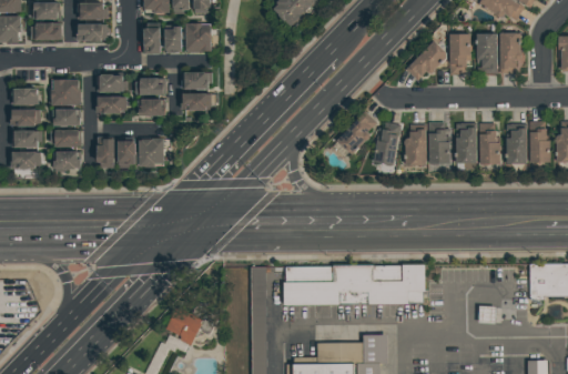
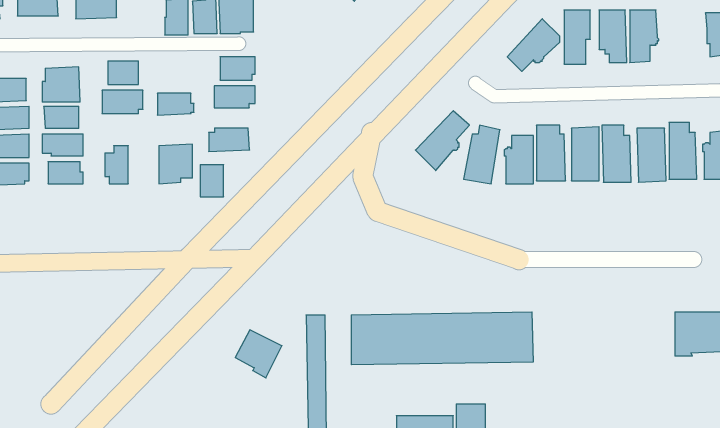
building: [136,77,168,94] -> [209,128,250,151]
building: [120,139,138,163] -> [200,165,224,197]
building: [169,307,204,344] -> [235,330,282,378]

